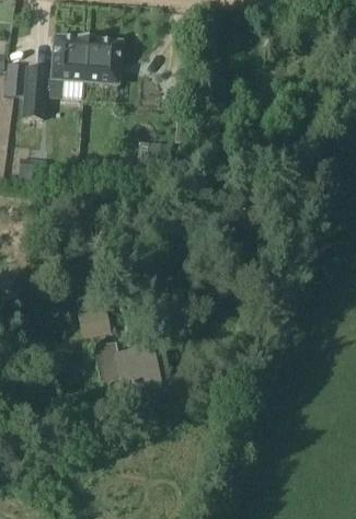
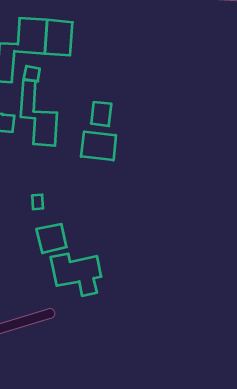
building: none -> [21,80,57,146]
building: none -> [81,132,116,160]

